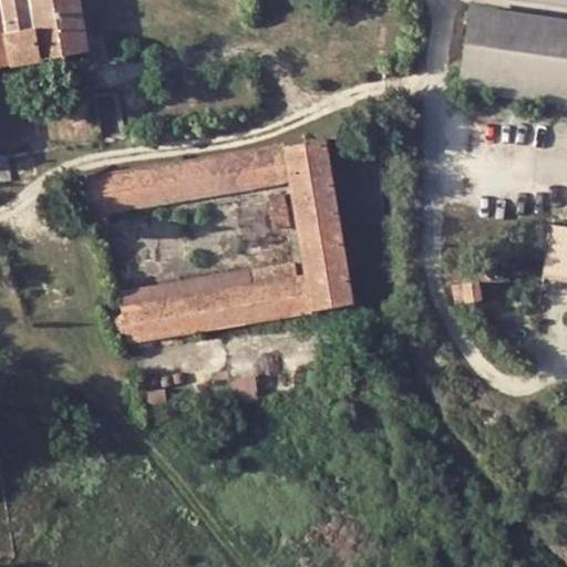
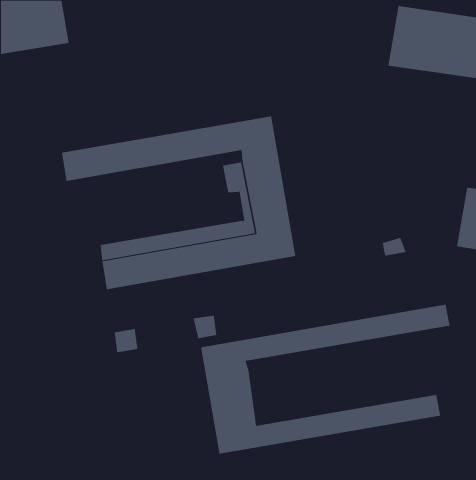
building: none -> [200,304,450,454]

